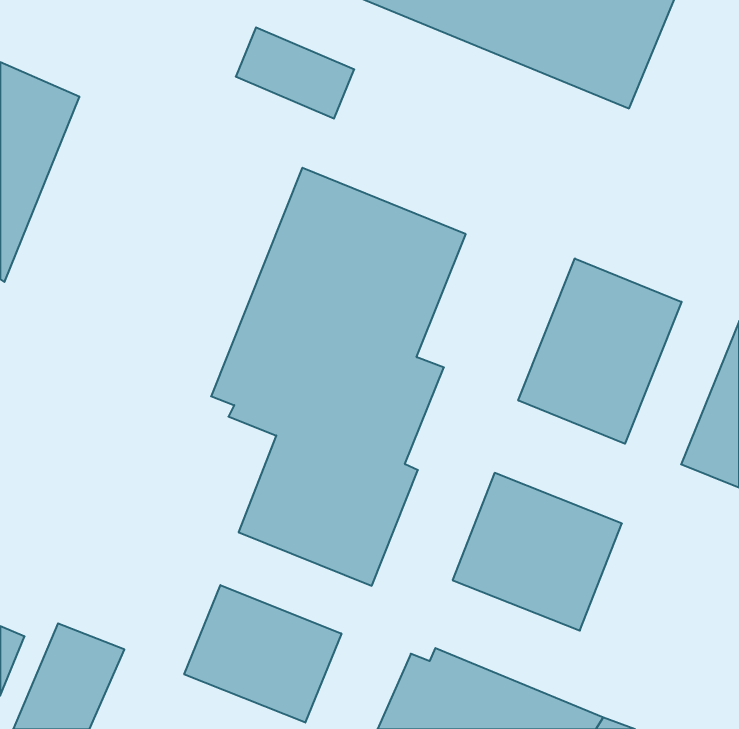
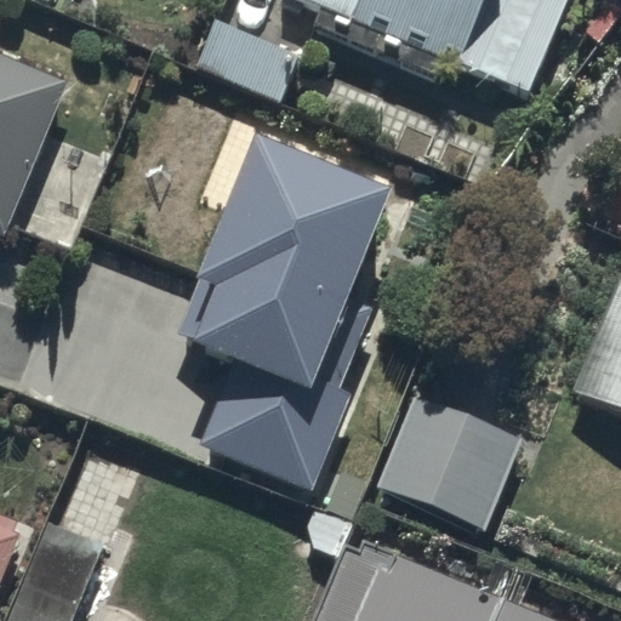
building: [518,258,682,444] -> none
building: [184,585,341,723] -> none

